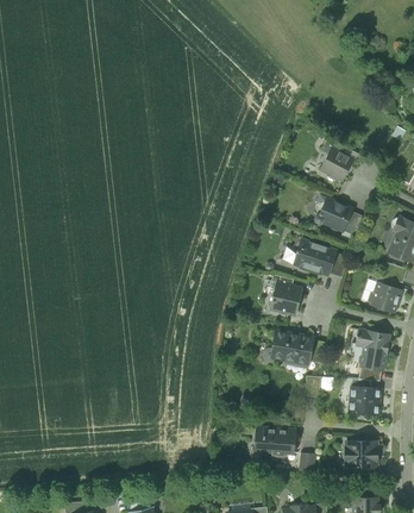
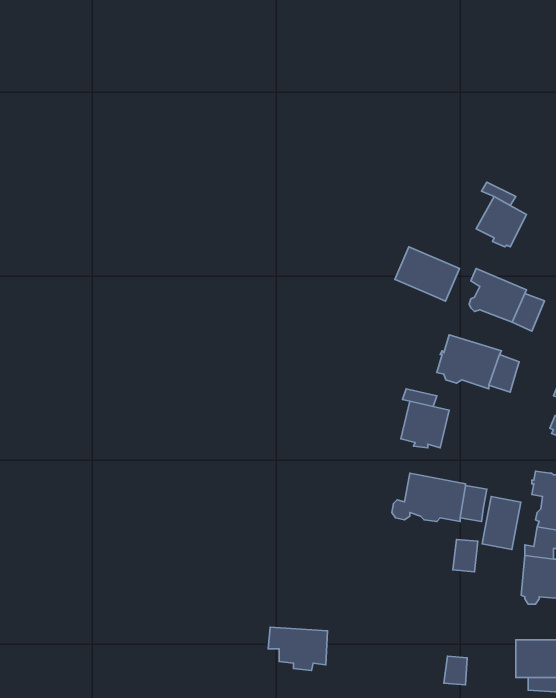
building: none -> [395,247,459,301]
building: none -> [482,497,521,550]
building: [256,427,295,456] -> [268,627,328,670]

